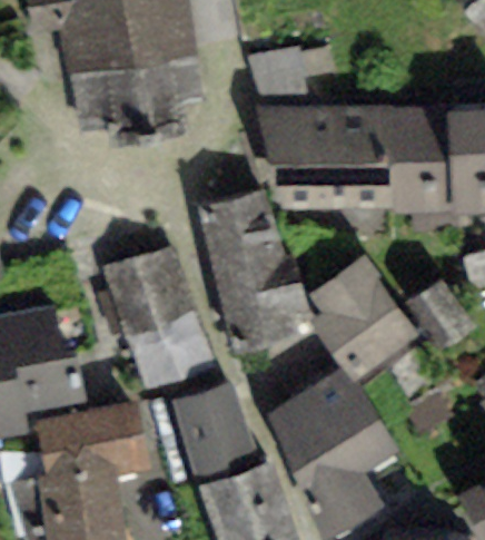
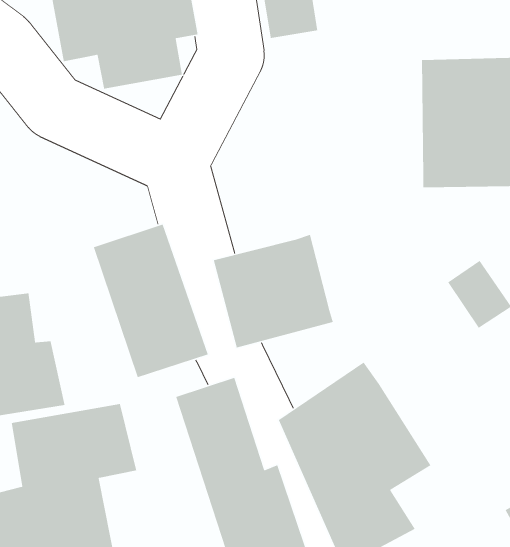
building: [256,107,390,207] -> none
building: [195,193,281,278] -> none
building: [307,256,420,384] -> none

